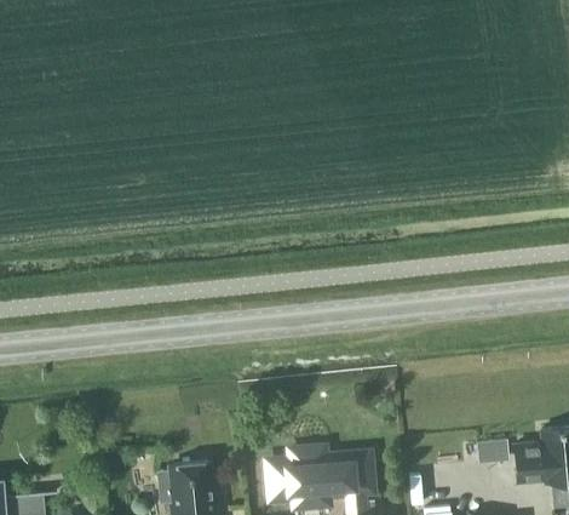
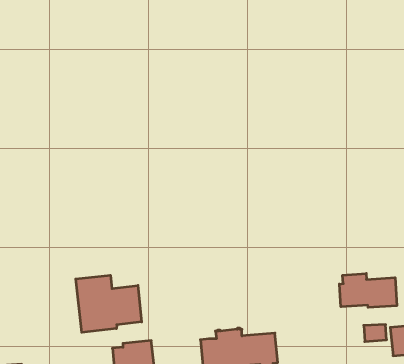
building: none -> [339,273,397,307]
building: none -> [76,275,142,332]

